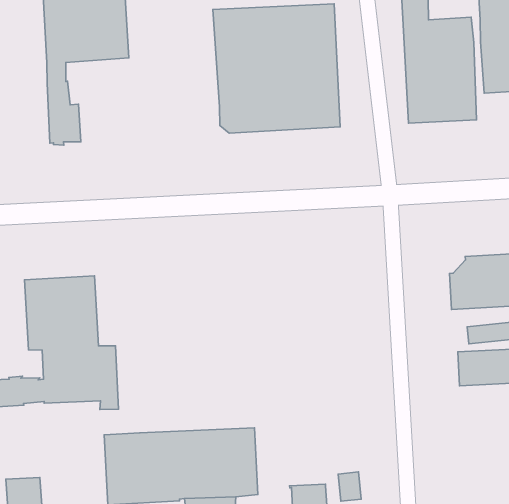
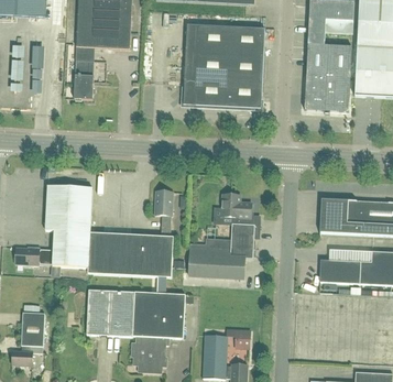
building: none -> [188,193,258,277]
building: none -> [99,189,173,276]

